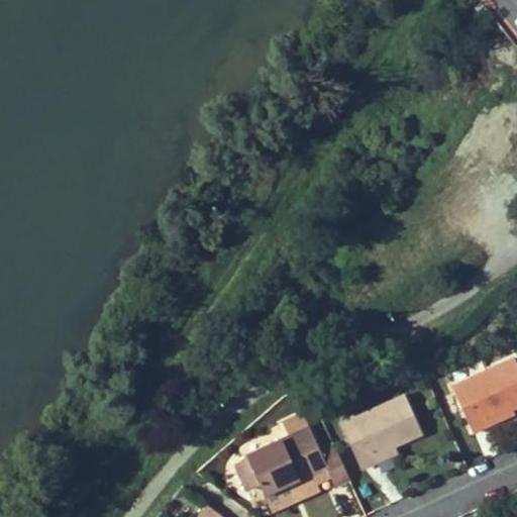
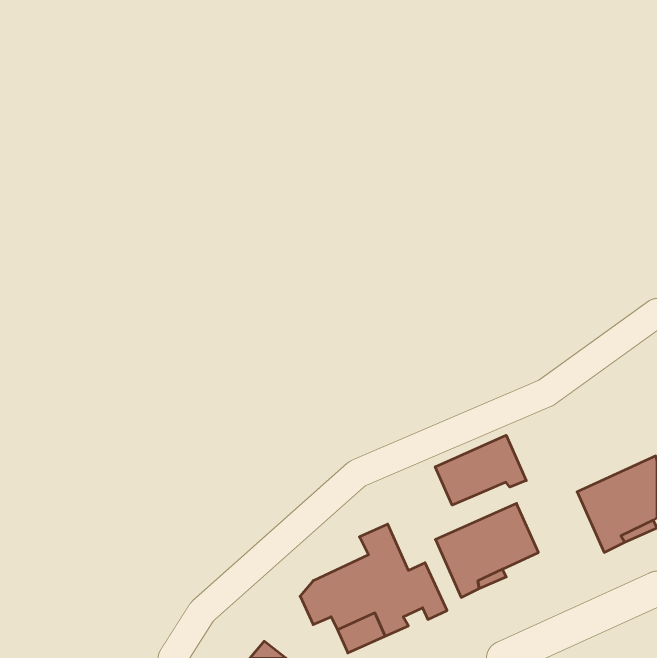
building: none -> [435,435,526,505]

